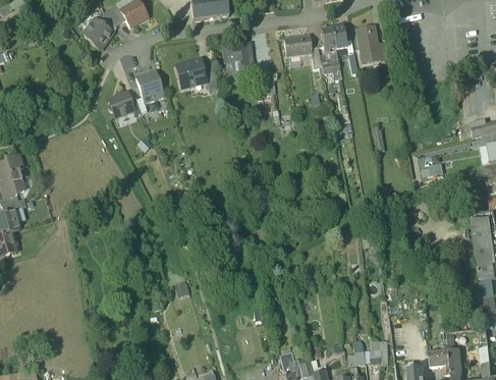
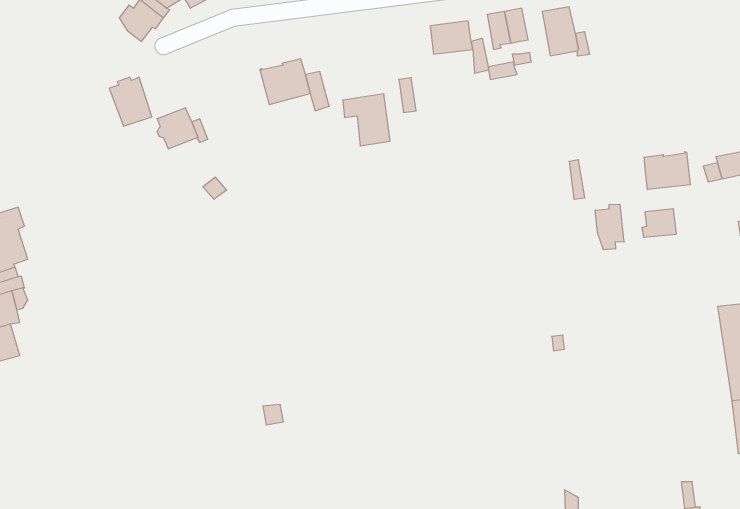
building: [223,42,254,75] -> [343,94,390,146]
building: [135,69,163,101] -> [109,77,152,126]
building: none -> [644,152,690,190]
building: none -> [595,204,624,250]

